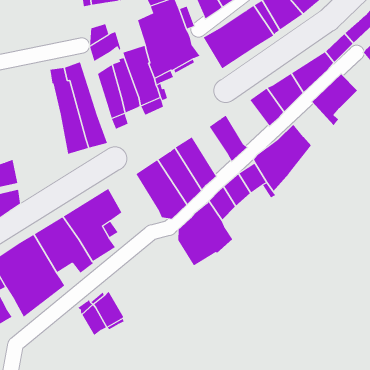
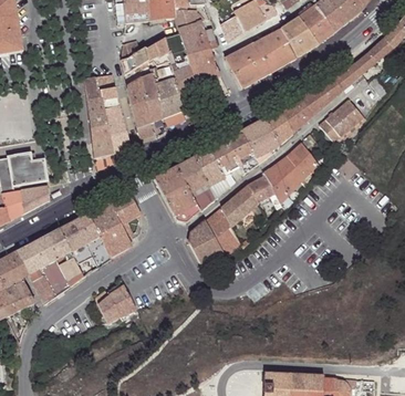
building: none -> [146,38,172,67]
building: none -> [241,118,280,158]
building: none -> [209,140,240,186]

